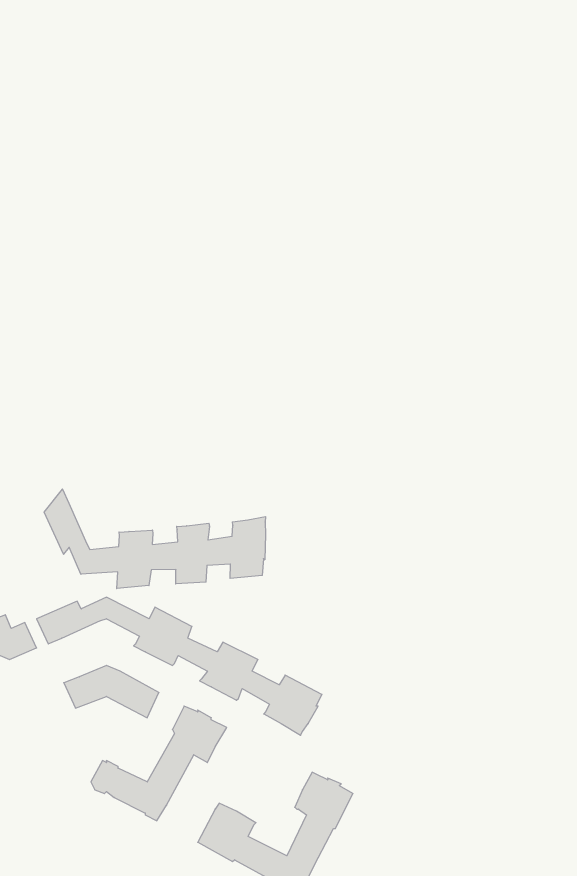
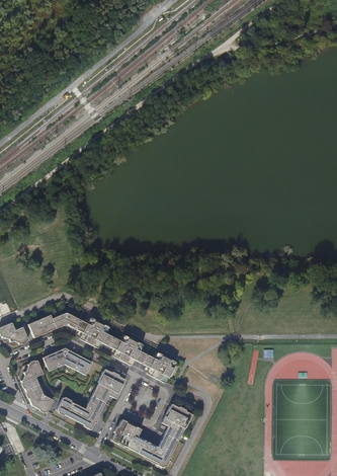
building: [44,489,266,589] -> none
building: none -> [18,361,53,413]

